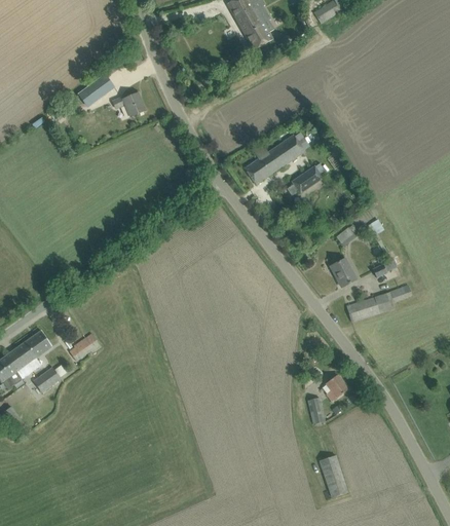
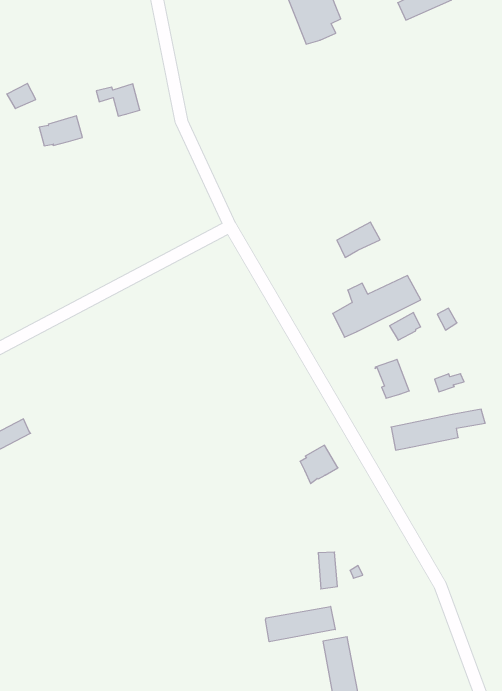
building: [82,82,113,106] -> [39,116,82,146]
building: [245,135,304,183] -> [333,276,421,337]
building: [322,373,348,401] -> [300,445,338,484]
building: none -> [265,606,335,642]

